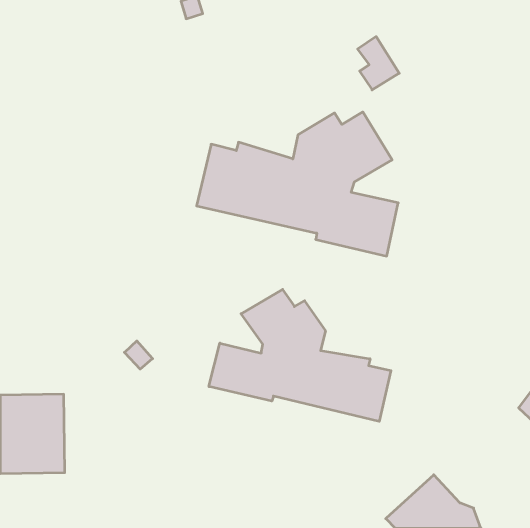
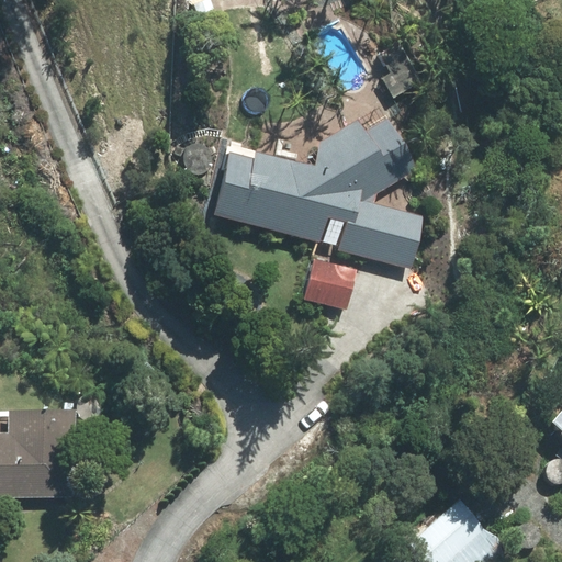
building: none -> [303,258,356,308]
building: [209,289,391,421] -> none

